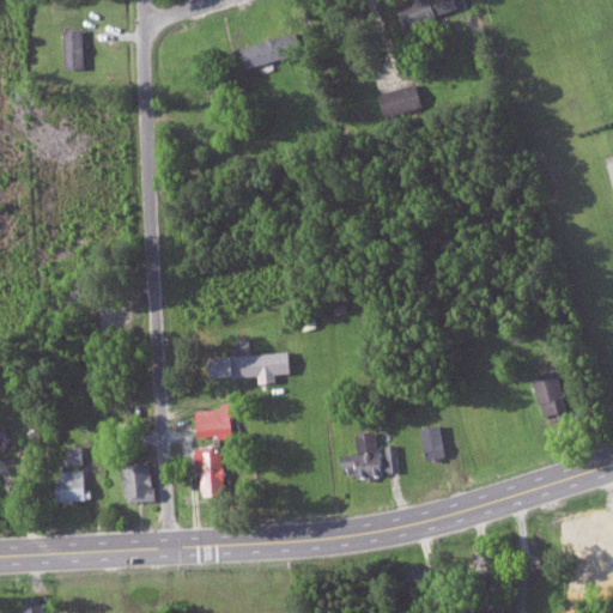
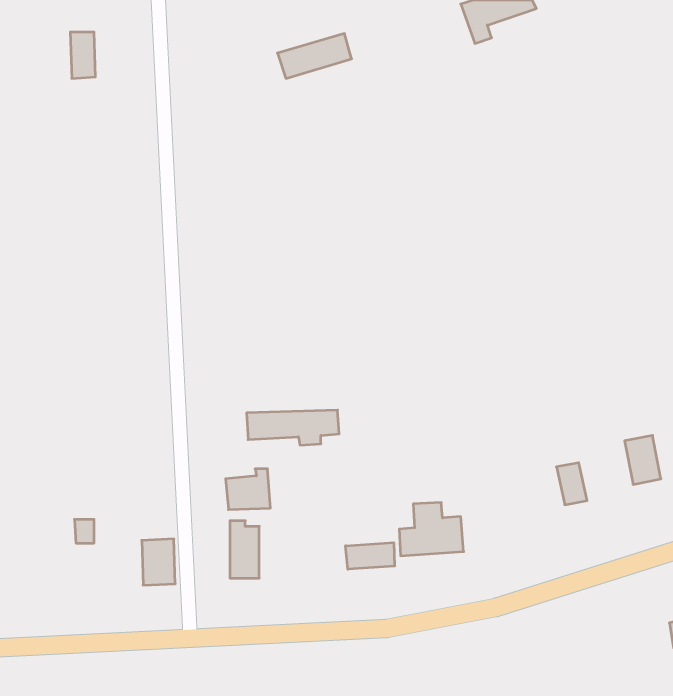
building: [378,84,421,117] -> none
building: [419,425,445,461] -> [556,463,587,505]
building: none -> [346,543,395,569]
building: [54,472,85,503] -> none

